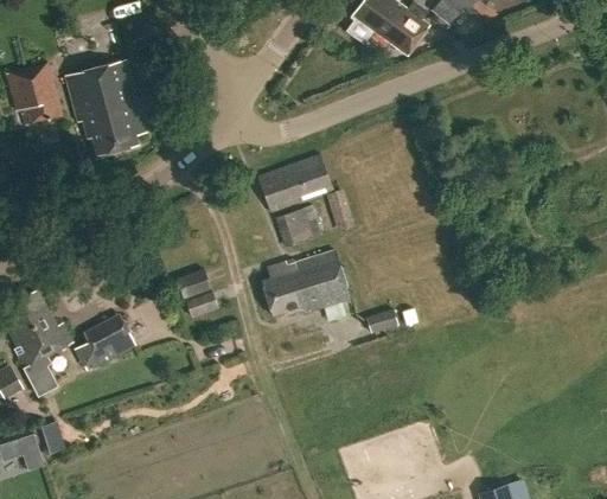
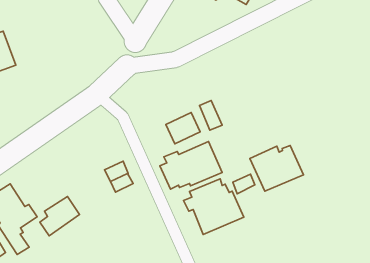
building: [65,58,146,154] -> none
building: [258,155,333,212] -> none
building: none -> [250,145,303,191]
building: none -> [184,179,244,234]

